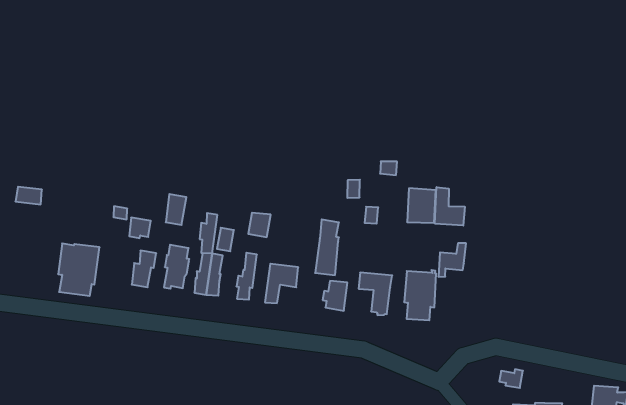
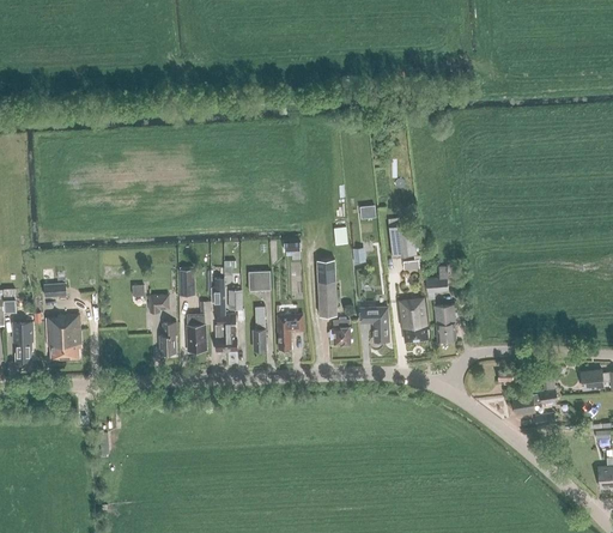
building: [435,187,465,226] -> none
building: [58,243,100,296] -> [45,314,80,359]
building: none -> [432,303,455,340]

